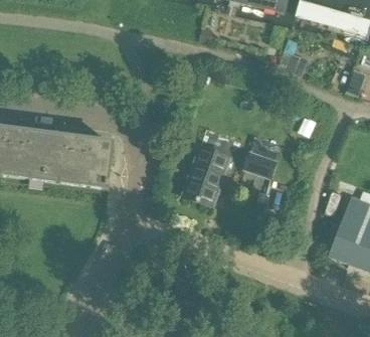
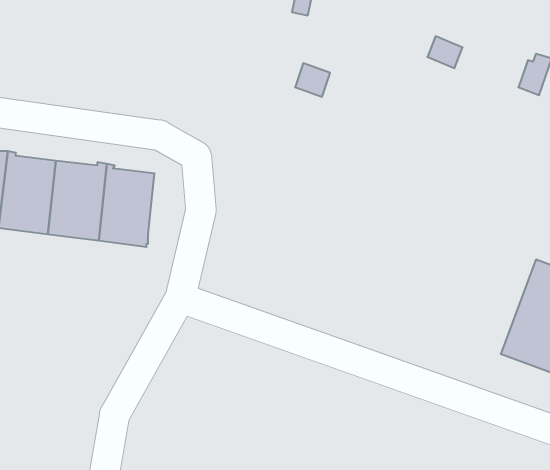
building: [243,137,280,178] -> none
building: [181,147,229,206] -> none

